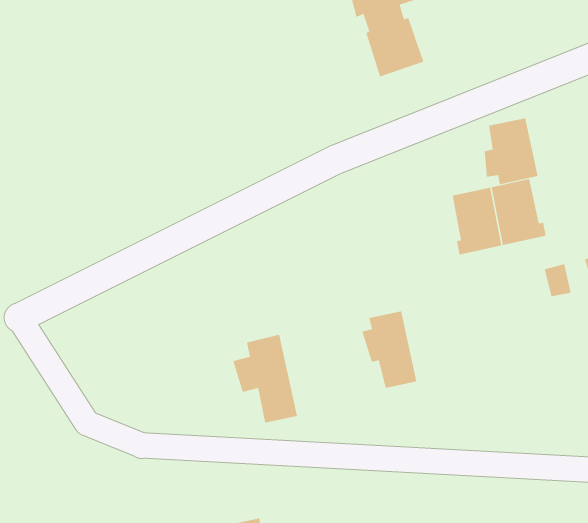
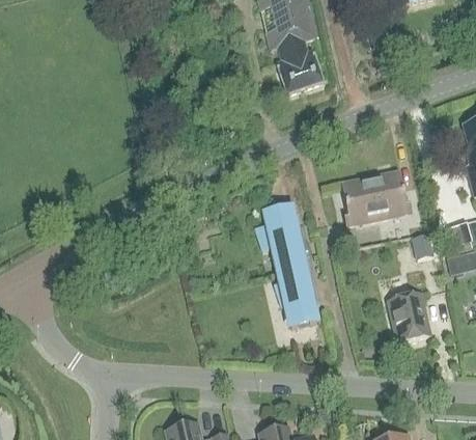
building: [484,117,538,185] -> none
building: [232,334,298,423] -> [257,207,306,273]
building: none -> [391,294,431,341]

